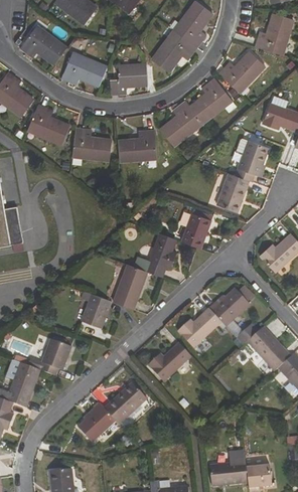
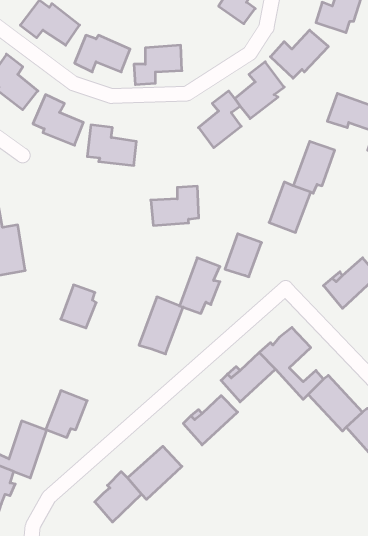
building: [151,32,196,71] -> none
building: [117,129,155,160] -> [151,186,199,225]
building: [81,294,109,328] -> [61,285,96,328]

